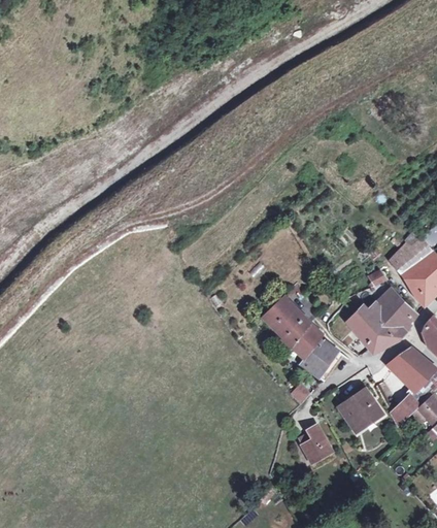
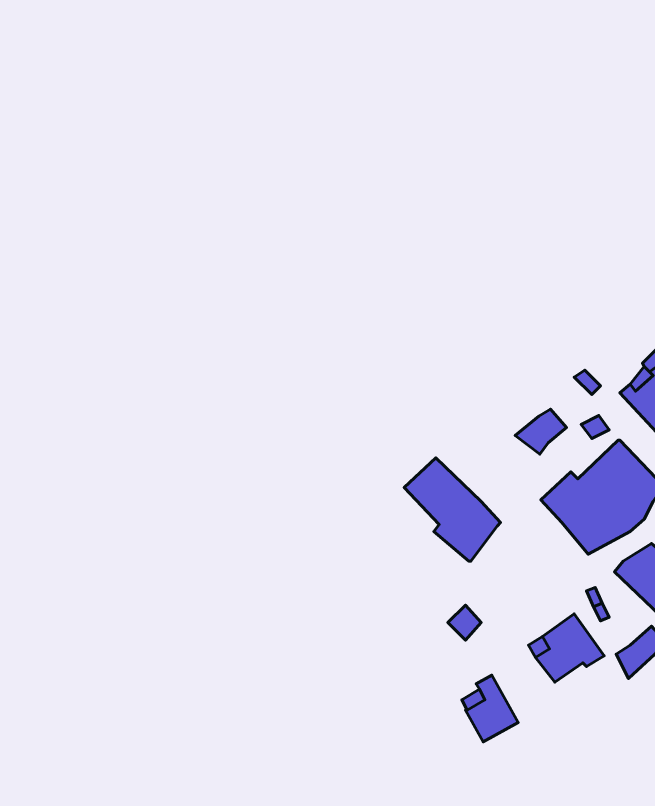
building: none -> [515,409,566,454]
building: [299,336,343,381] -> none

